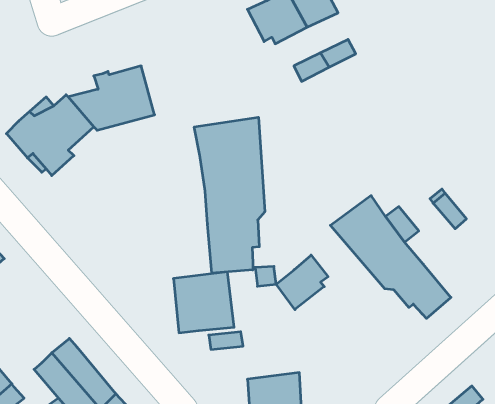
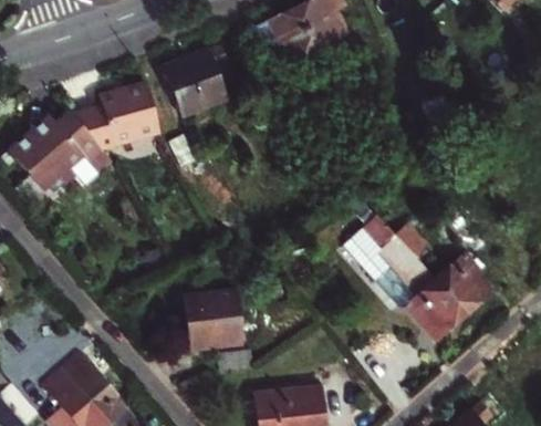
building: none -> [164,44,229,116]
building: [194,117,265,273] -> none
building: none -> [431,258,485,315]
building: [276,255,328,310] -> none

